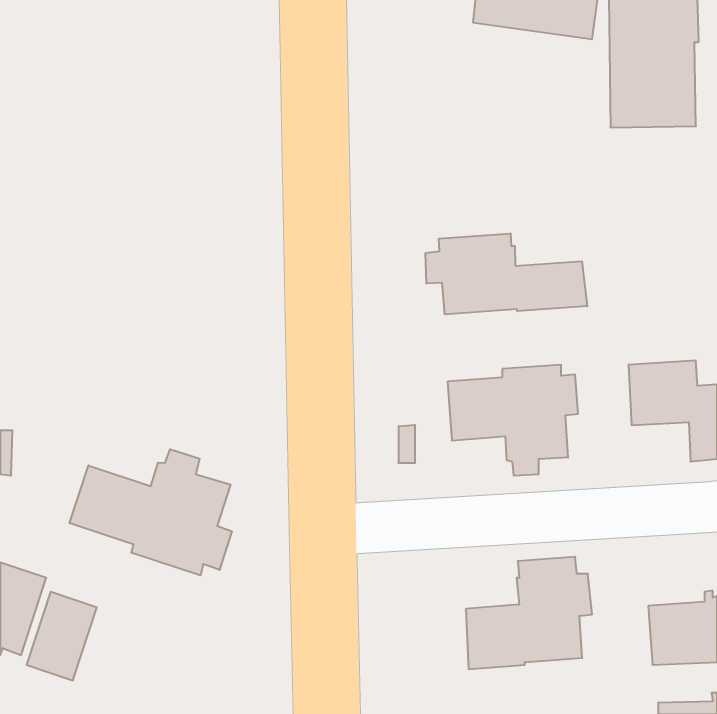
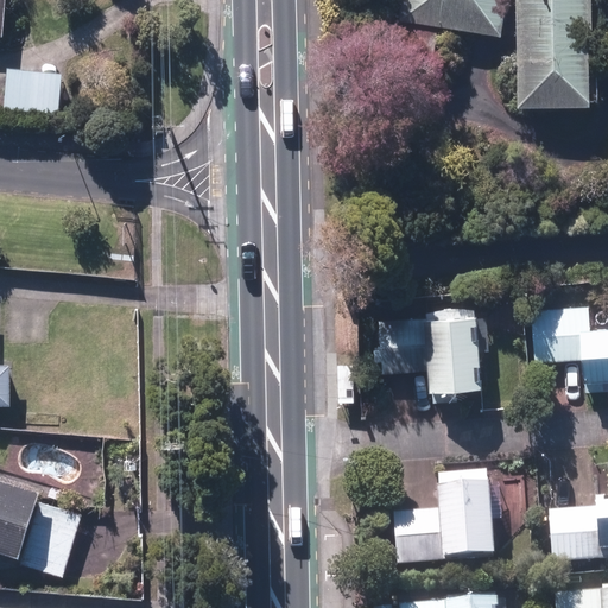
building: none -> [8,69,62,113]
building: [426,233,587,314] -> none
building: [70,449,232,575] -> none

